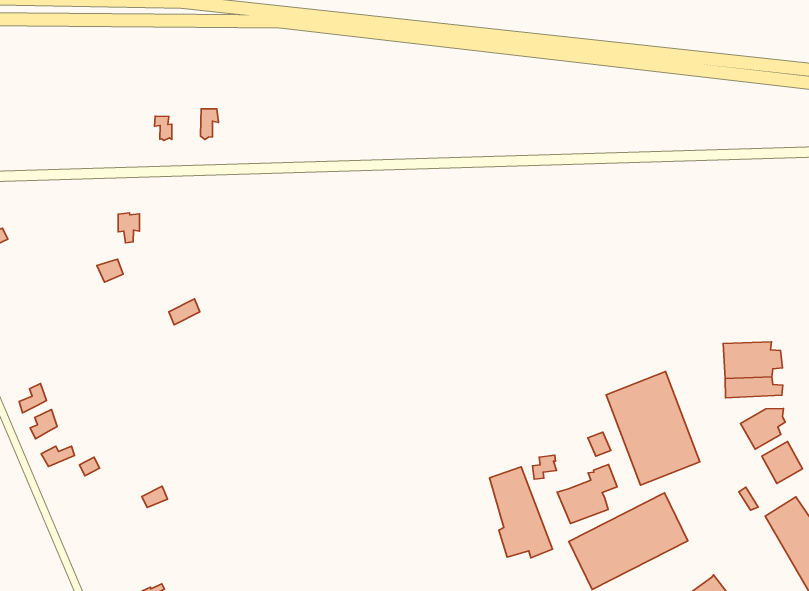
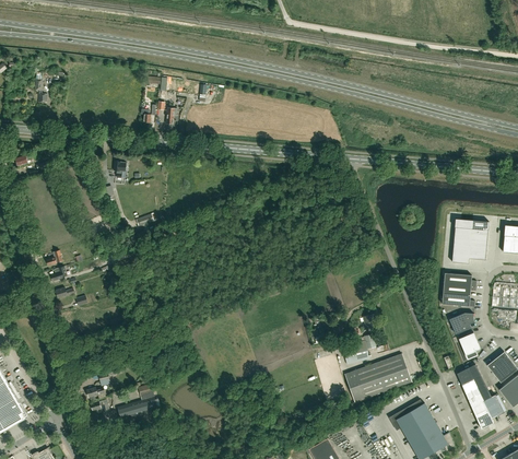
building: none -> [451,219,488,263]
building: [606,371,700,485] -> none
building: [489,467,553,558] -> none

